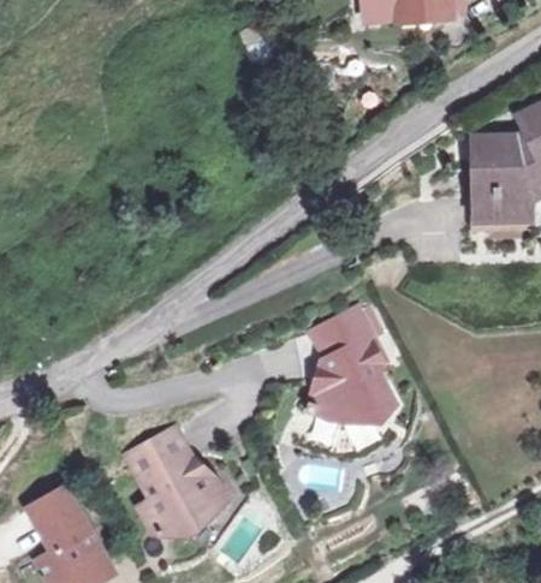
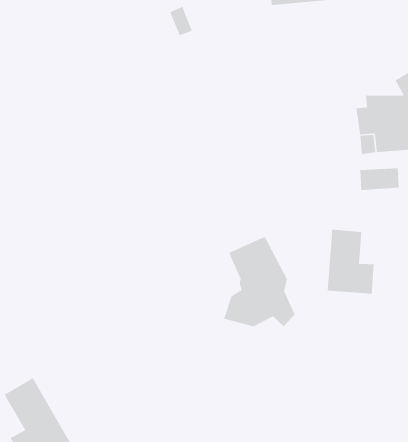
building: none -> [327,229,375,294]
building: [129,429,227,534] -> none

